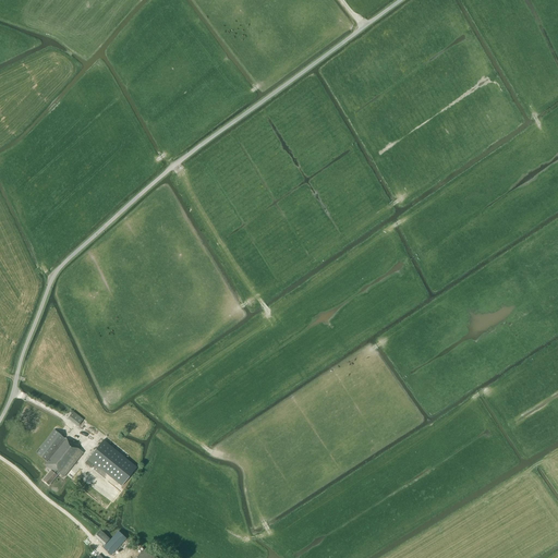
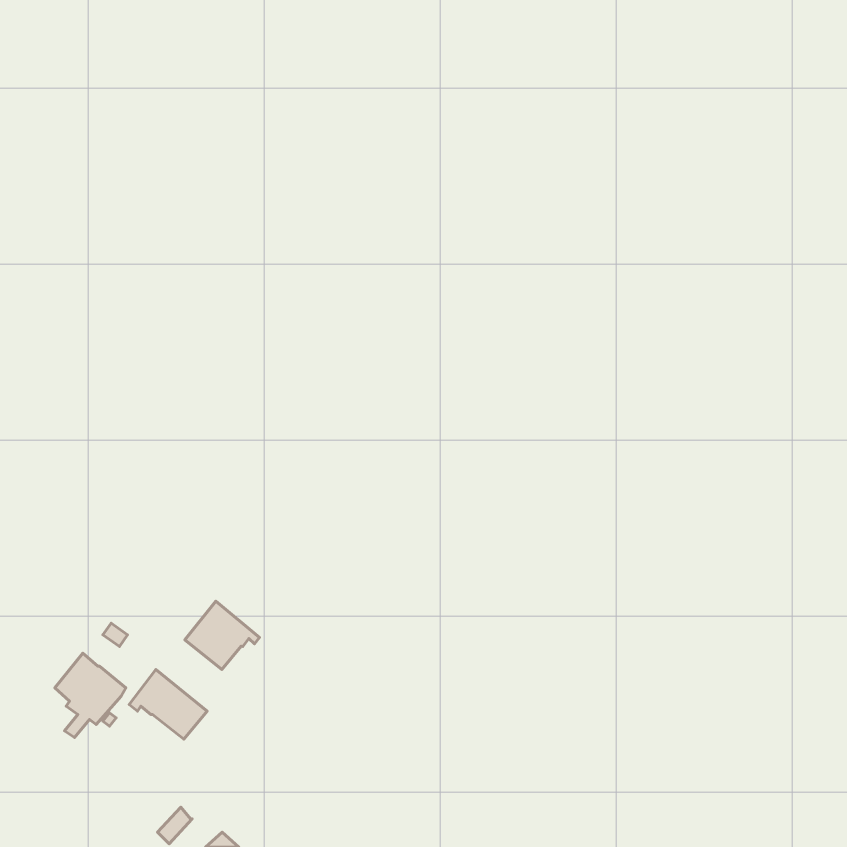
building: none -> [185,601,260,669]

